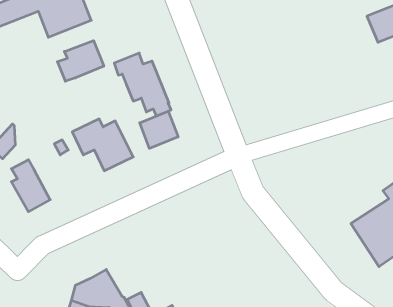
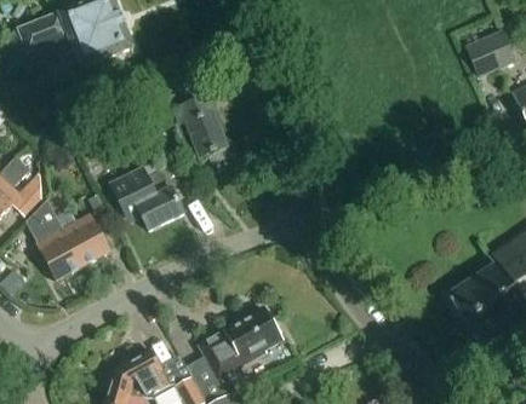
building: [57,41,104,81] -> none
building: [140,111,178,148] -> none
building: none -> [64,214,110,265]
building: none -> [200,307,282,377]

